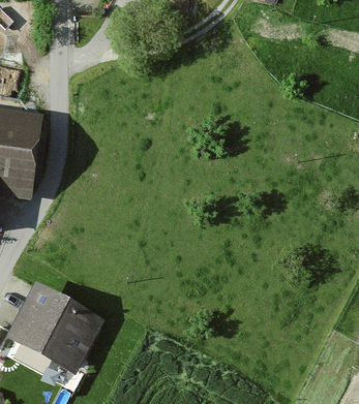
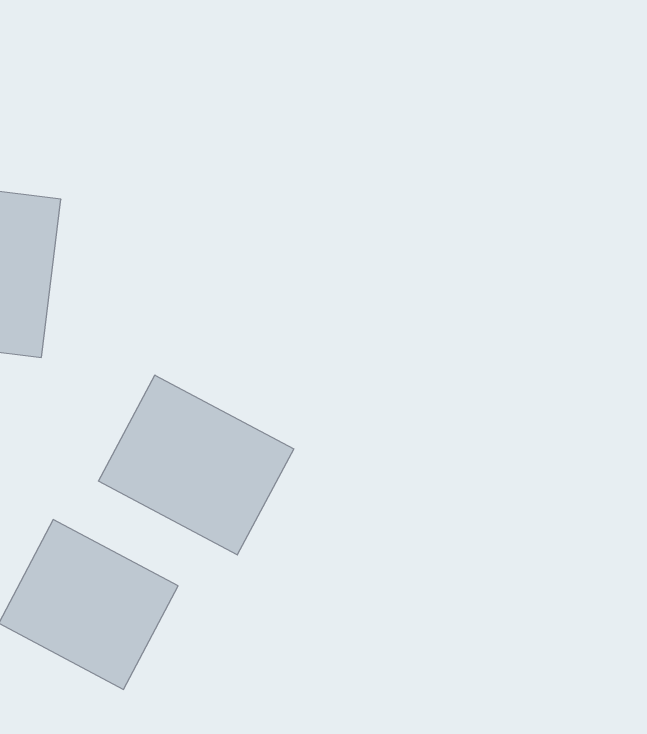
building: none -> [98,375,294,555]

